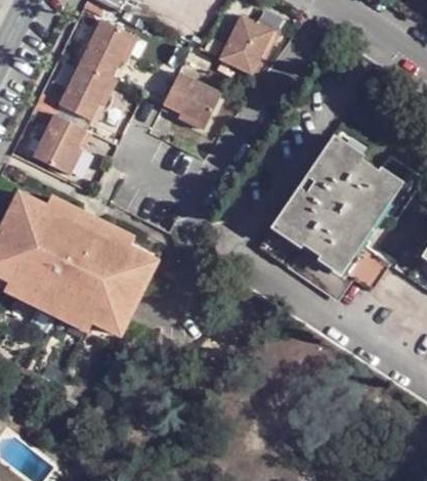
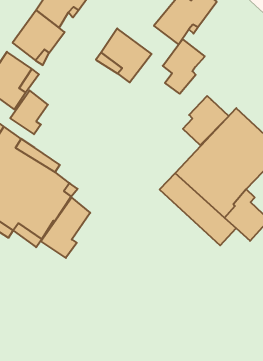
building: none -> [163,39,205,94]
building: none -> [183,96,229,145]
building: none -> [10,90,48,134]
building: none -> [41,197,90,258]

